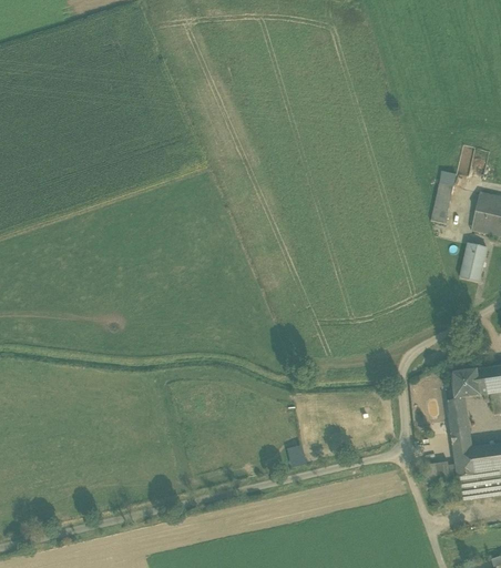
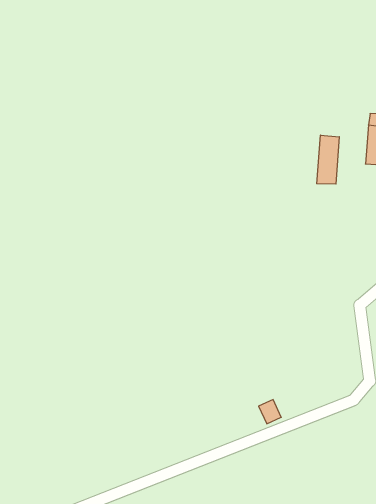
building: none -> [317,135,339,184]

